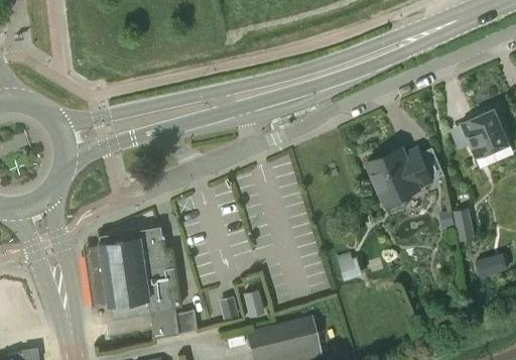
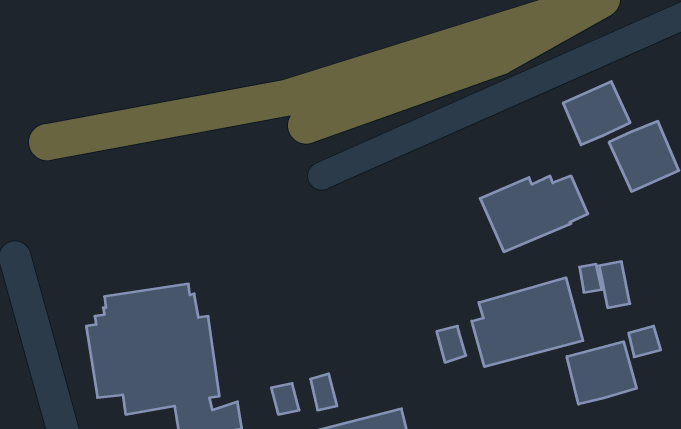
building: none -> [563,81,630,145]
building: none -> [472,278,583,367]
building: none -> [567,342,637,404]

